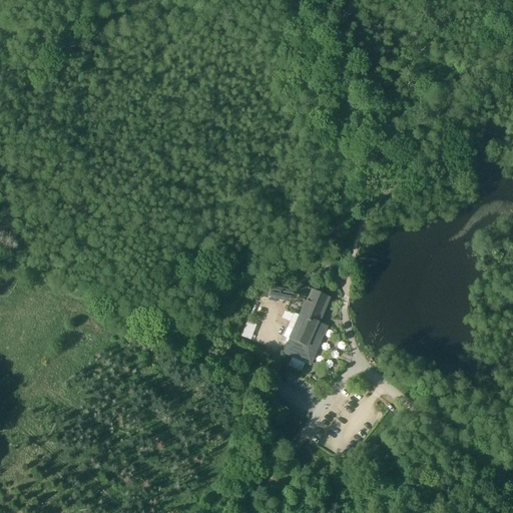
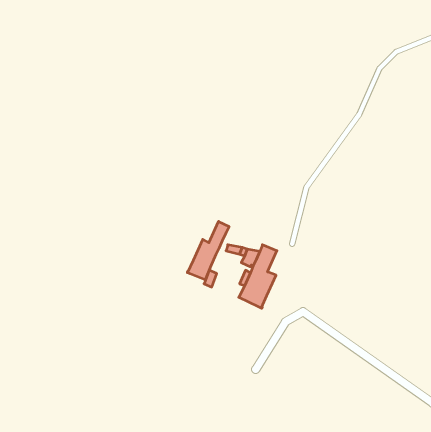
building: none -> [187,221,229,280]

